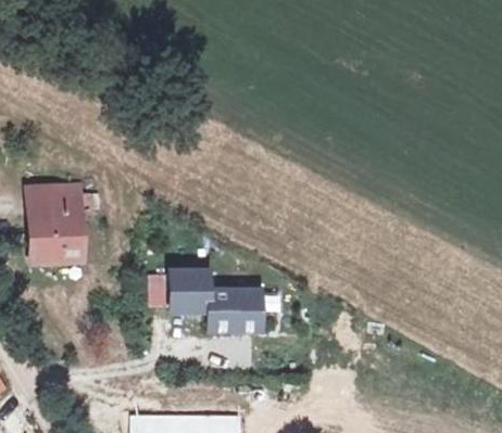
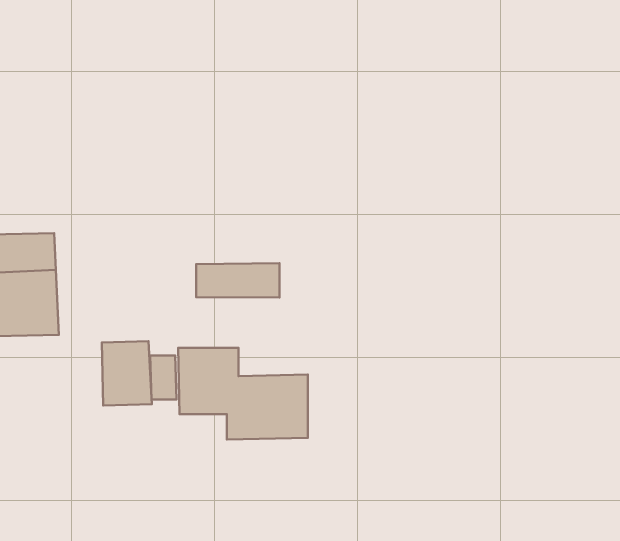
building: none -> [196,263,280,297]
building: none -> [102,341,152,406]

